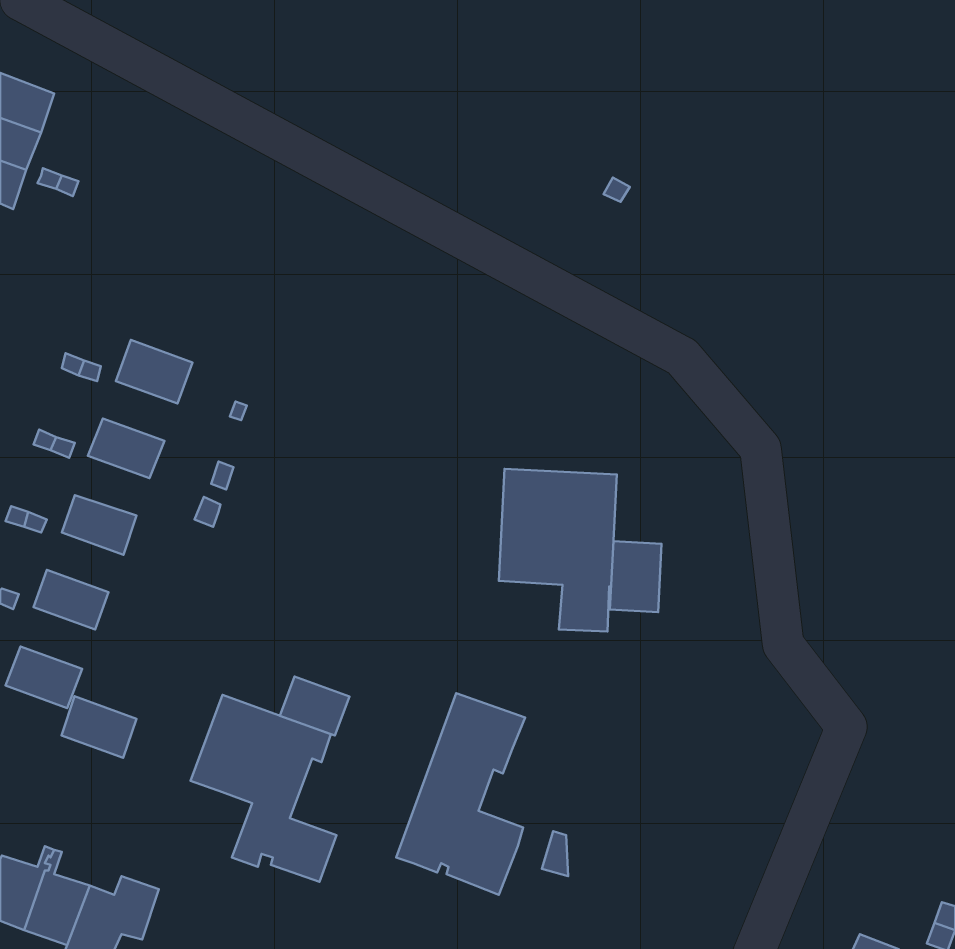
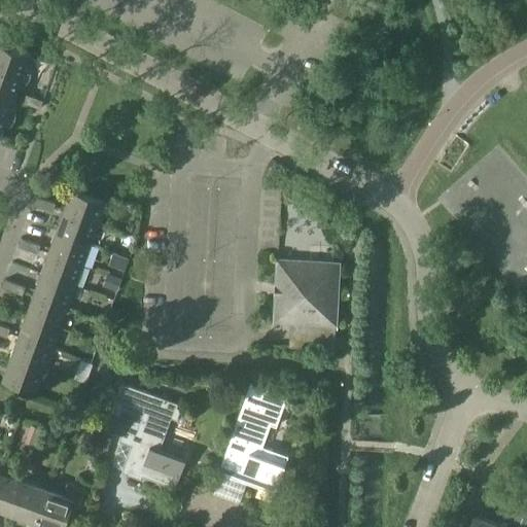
building: none -> [57,213,98,246]
building: none -> [41,254,82,287]
building: none -> [26,296,68,329]
building: [610,541,662,612] -> none
building: [280,677,349,736] -> none
building: [62,696,136,758] -> [11,338,52,372]

